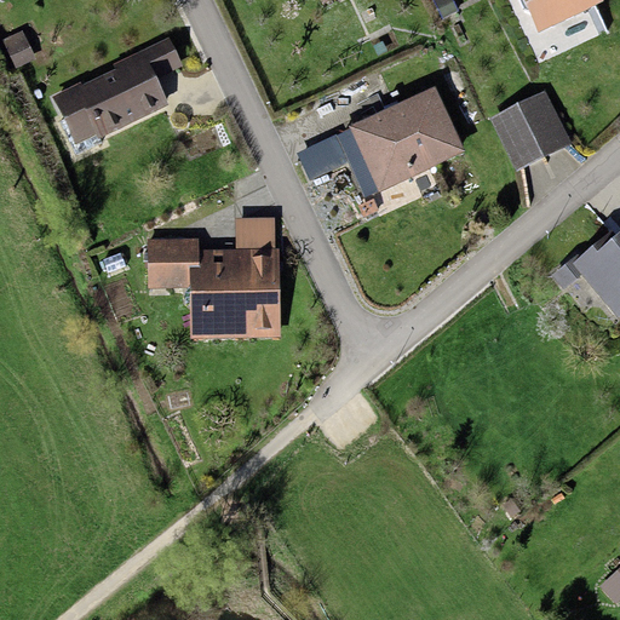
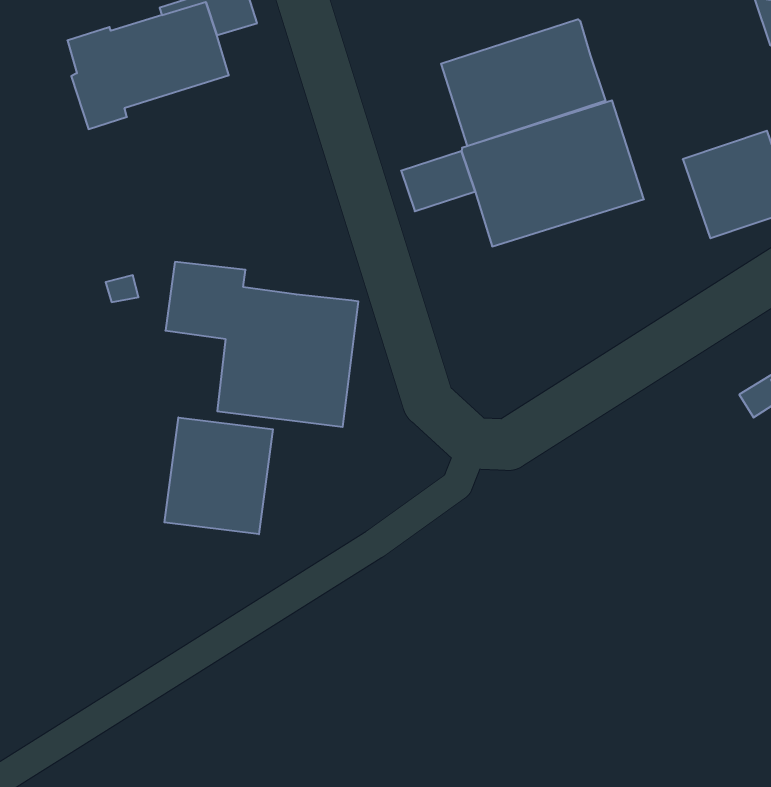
building: none -> [441,19,605,146]
building: [235,218,274,249] -> none
building: none -> [164,417,273,534]

